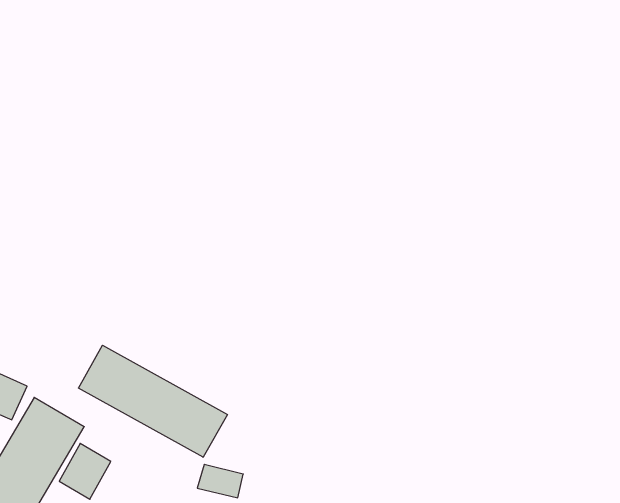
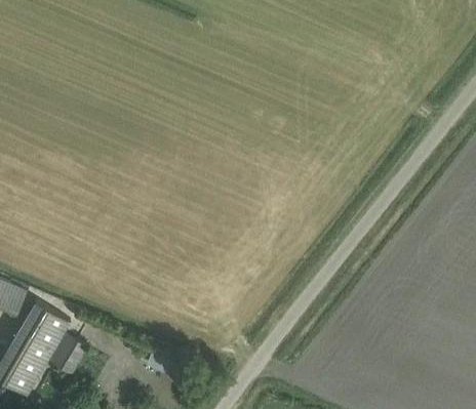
building: [78,345,227,457] -> none

